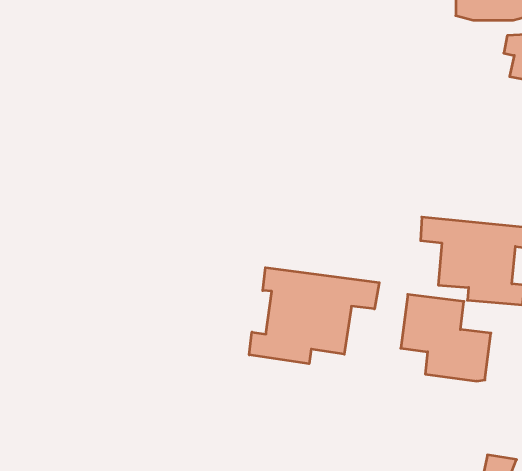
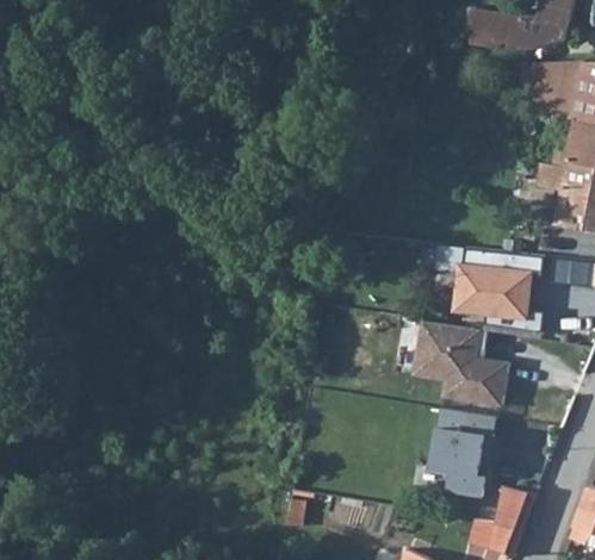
building: [249,268,379,364] -> none
building: none -> [435,406,500,499]

